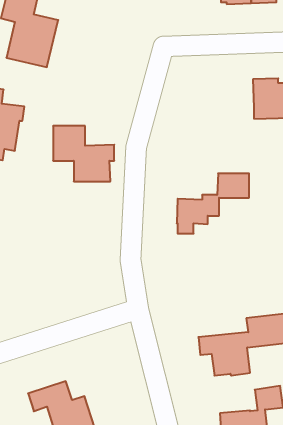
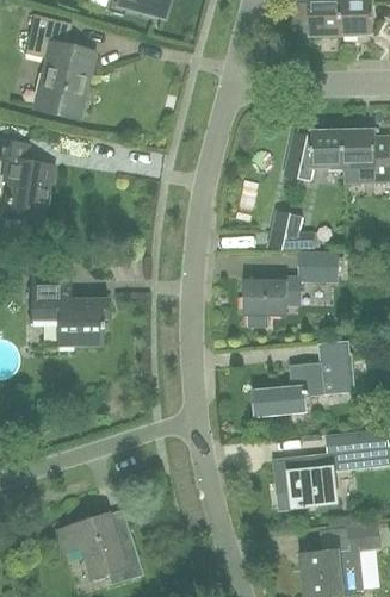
building: none -> [285,131,343,181]
building: [53,126,114,181] -> [30,274,107,344]
building: none -> [268,211,312,249]
building: none -> [254,340,354,416]

